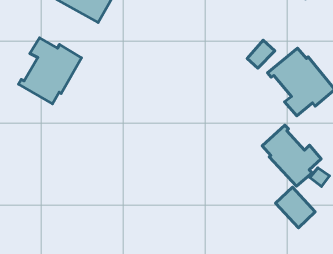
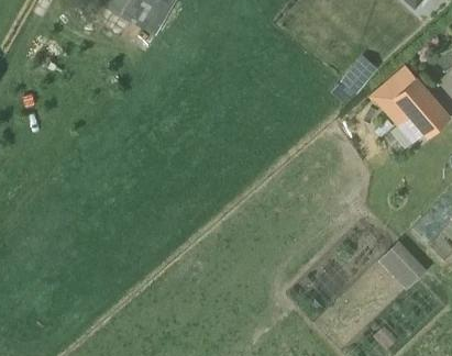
building: [18,38,82,104] -> none
building: [262,125,321,186] -> none

